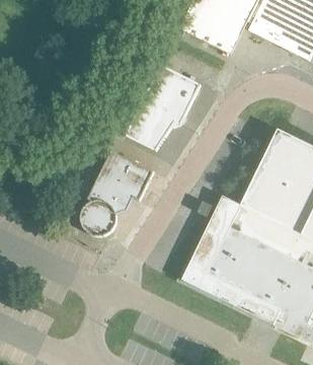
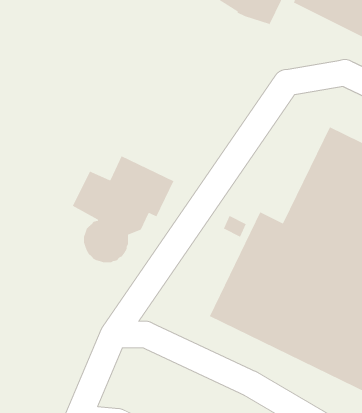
building: [125,65,200,151] -> none

